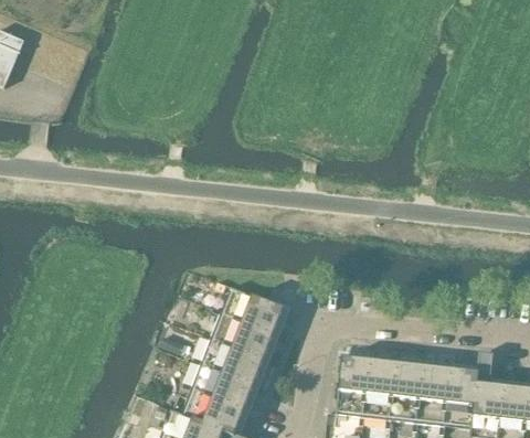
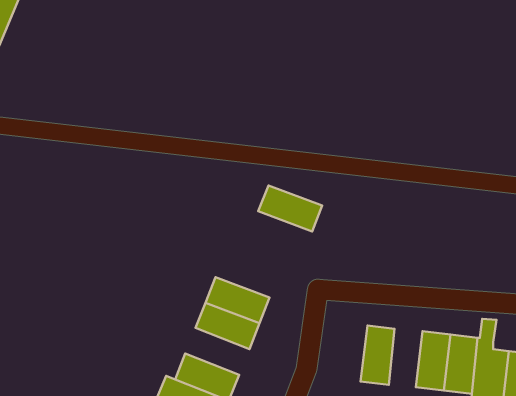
building: [222,286,285,331] -> [258,185,322,231]
building: [338,355,371,414] -> none
building: [192,361,255,407] -> none
building: [392,362,425,419] -> none

